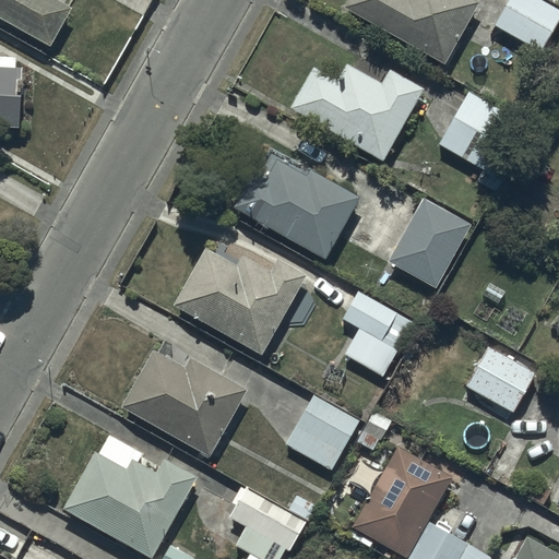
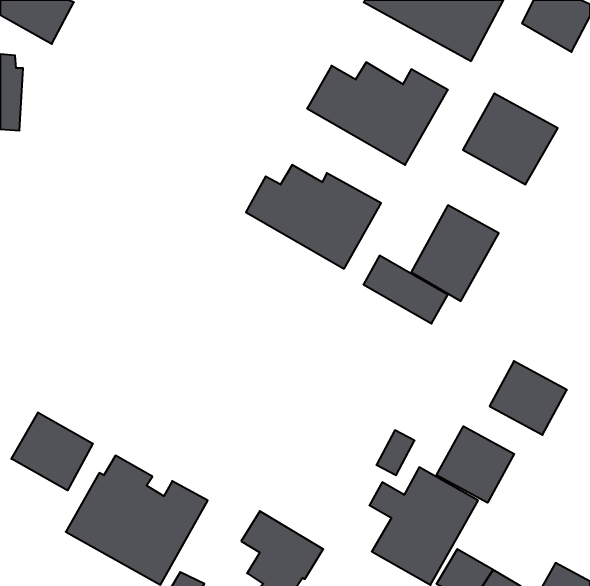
building: [173,246,307,354] -> none
building: [342,290,421,355] -> [363,256,448,324]
building: [120,348,246,456] -> none
building: none -> [11,412,93,490]
building: [286,394,359,471] -> none
building: none -> [437,426,514,503]

